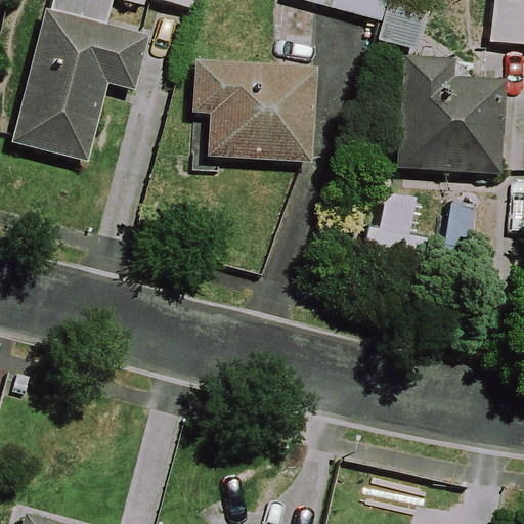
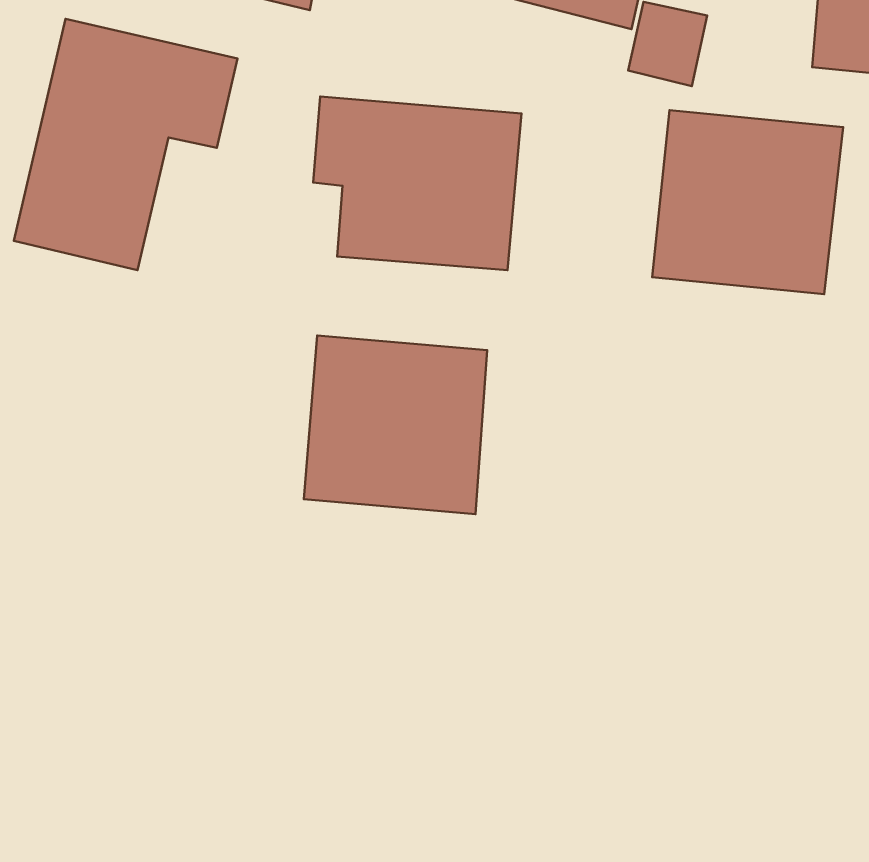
building: none -> [304,336,487,514]

